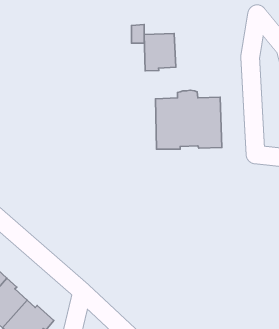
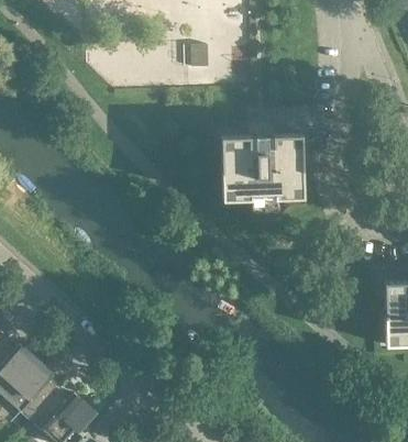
building: [144,33,176,71] -> none

